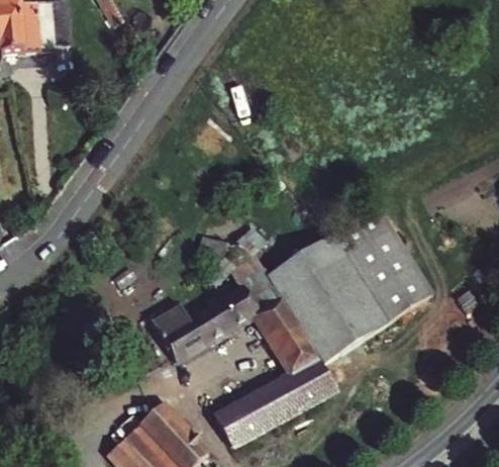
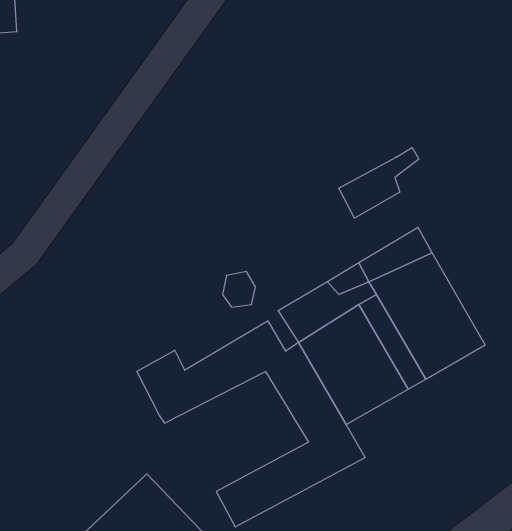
building: none -> [339,148,419,218]

